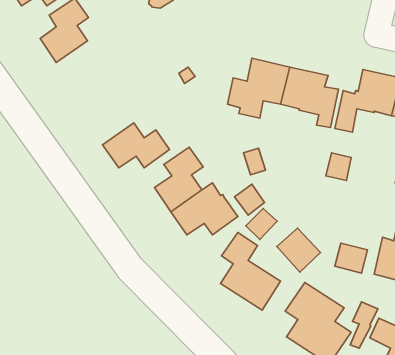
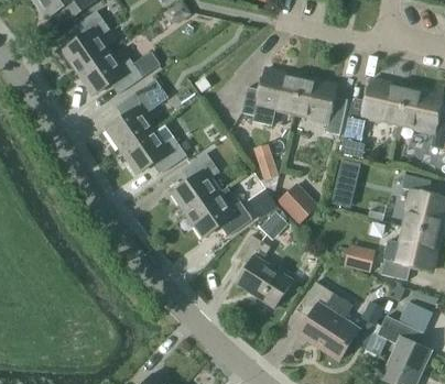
building: none -> [78,52,142,95]
building: none -> [106,79,167,151]
building: [277,228,321,272] -> [276,183,318,224]

